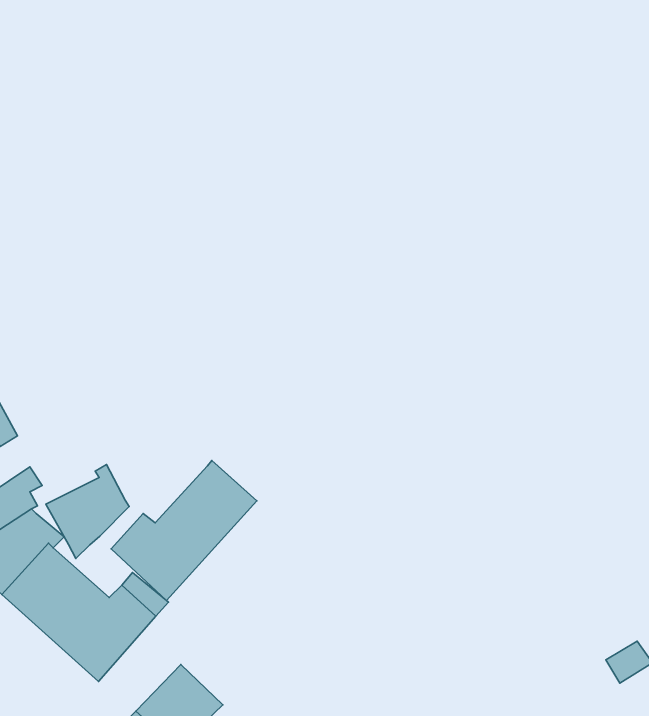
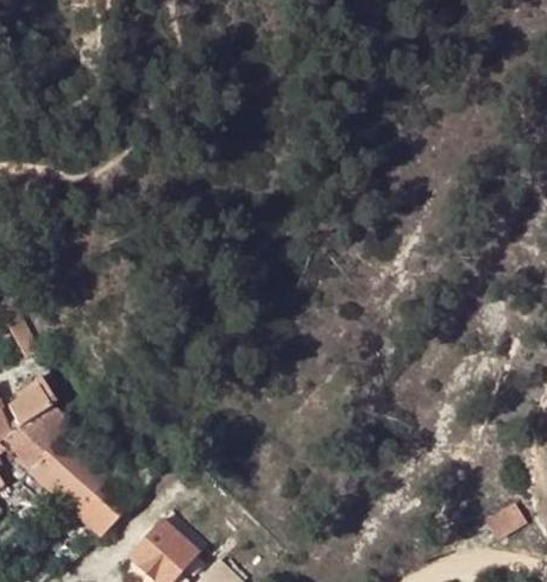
building: [111,460,257,601] -> none
building: [46,465,129,559] -> none

